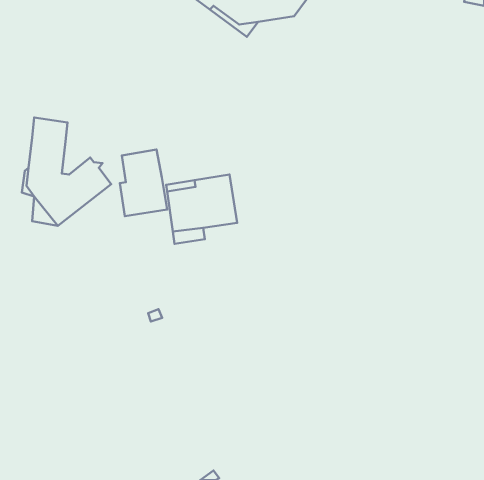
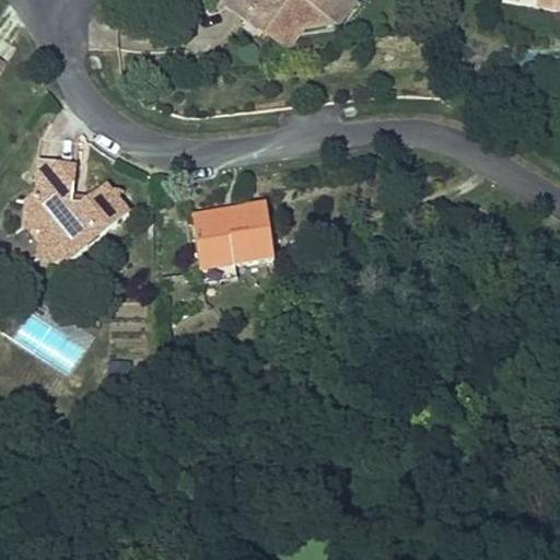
building: [120,149,167,216] -> none

